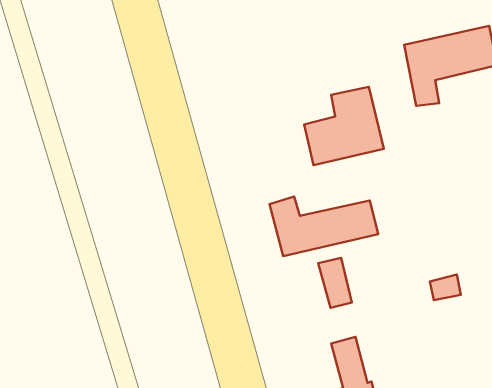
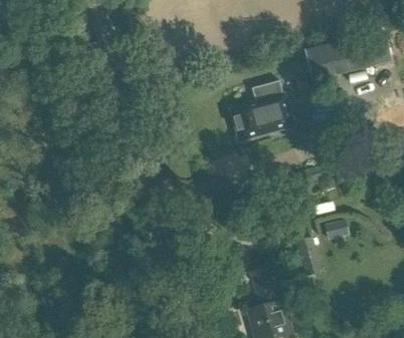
building: [270,196,378,256] -> none
building: [318,258,352,308] -> [297,238,323,275]

